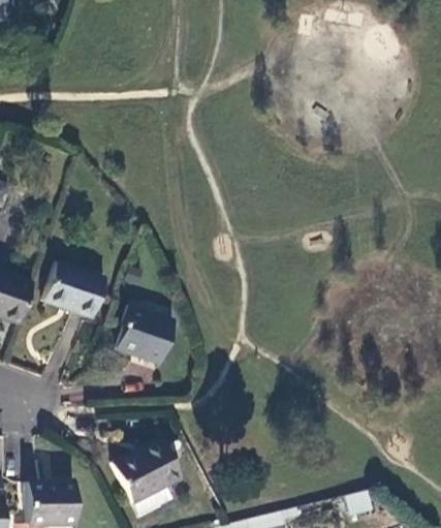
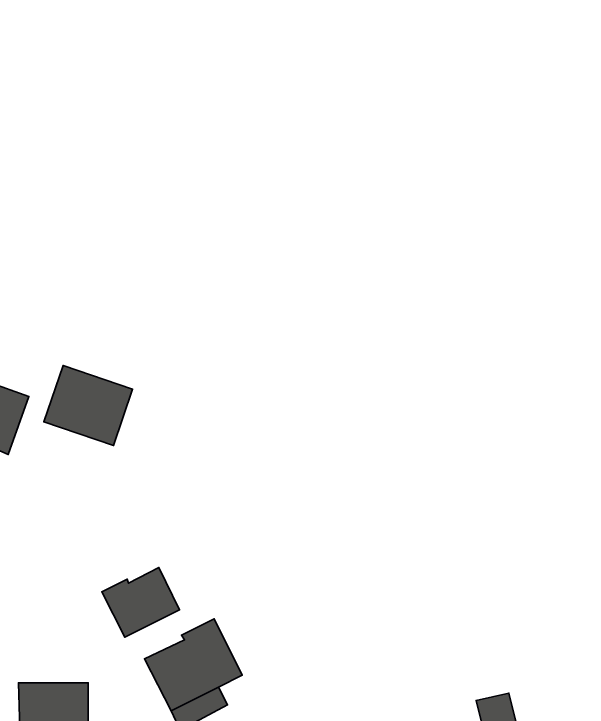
building: [118,306,176,365] -> none
building: none -> [102,567,179,637]

